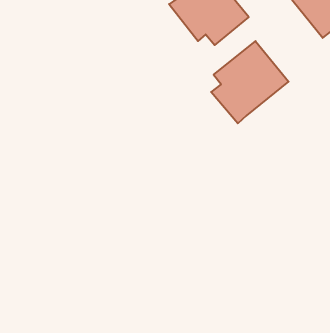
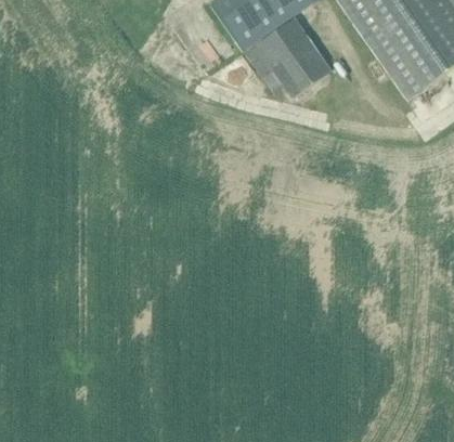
building: [211,41,289,123] -> none

